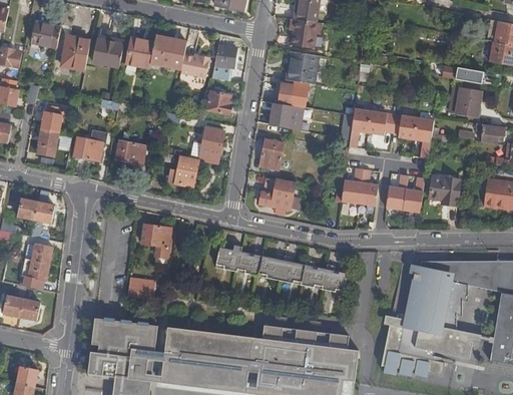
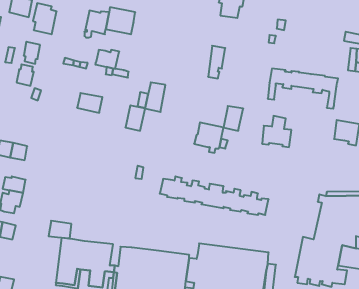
building: [92,35,124,67] -> none
building: [211,44,235,80] -> none
building: [291,51,319,83] -> none
building: [180,54,209,77] -> [95,50,119,69]
building: [206,90,231,114] -> none
building: [38,127,58,154] -> [24,42,40,64]
building: [73,137,103,161] -> none
building: [260,139,284,169] -> [224,106,243,131]
building: [386,175,426,213] -> none
building: [142,224,172,257] -> none
building: [128,277,156,299] -> [49,221,71,239]

